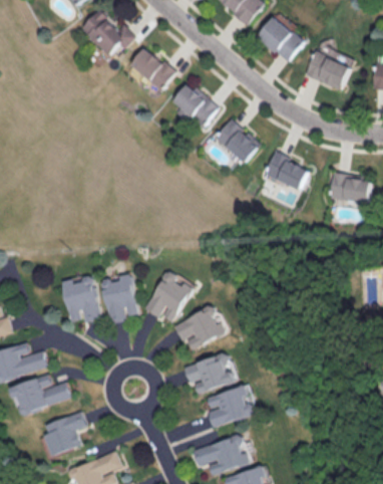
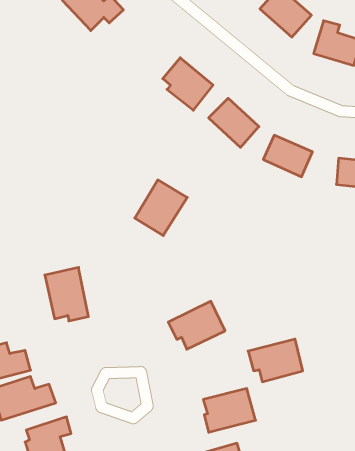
building: [127,47,172,89] -> none
building: [146,272,195,323] -> [135,180,187,236]
building: [102,273,138,323] -> none
building: [183,353,234,393] -> [248,339,303,382]

